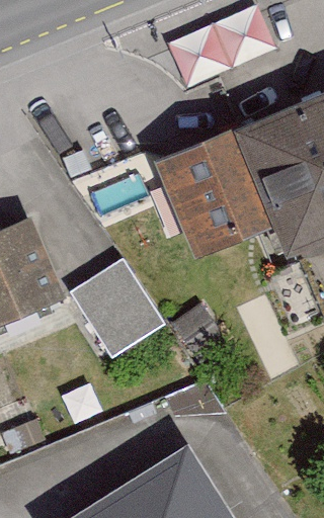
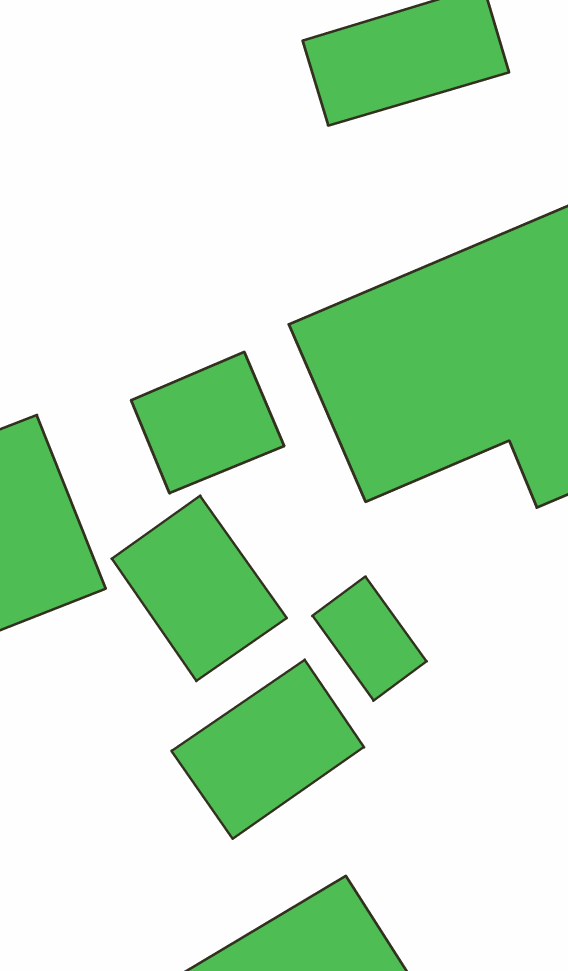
building: none -> [131,352,284,493]
building: none -> [172,660,364,839]

